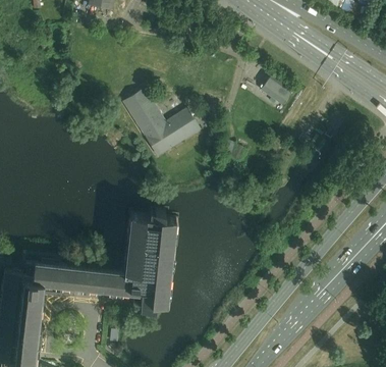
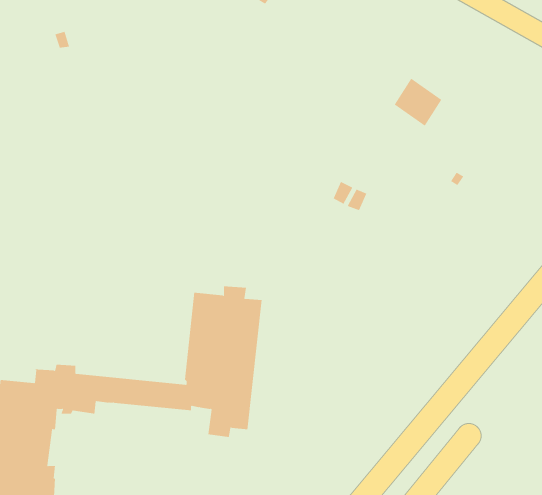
building: [123,89,201,156] -> none

